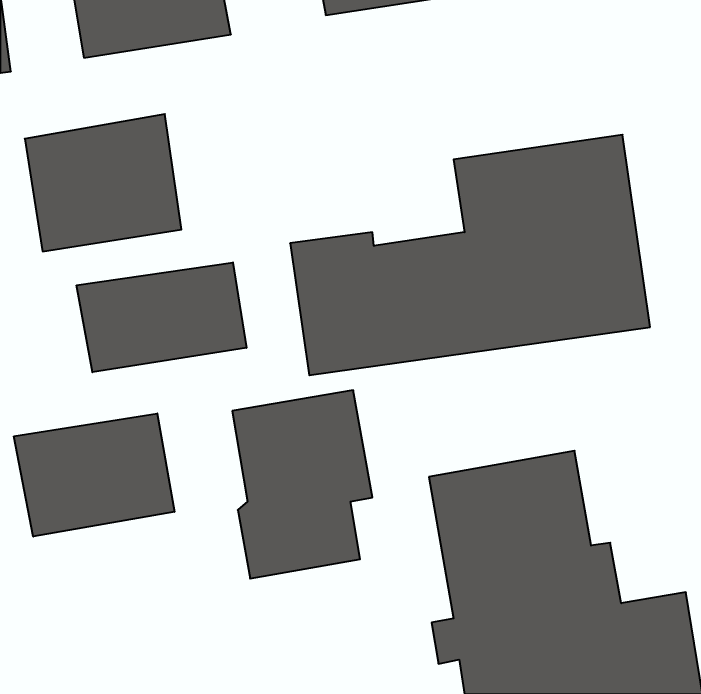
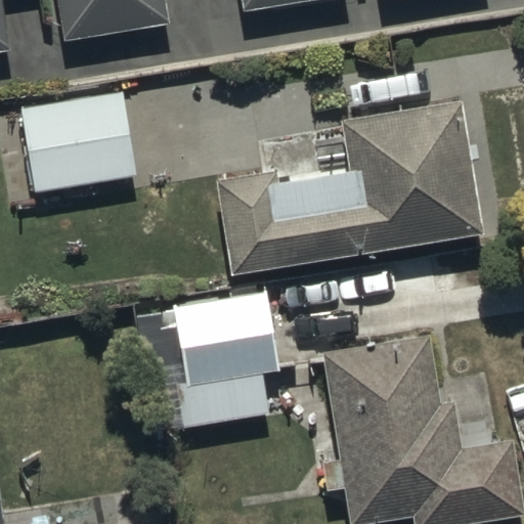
building: [77,262,246,372] -> none
building: [14,413,174,537] -> none

